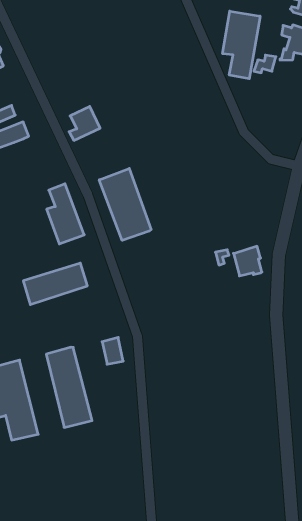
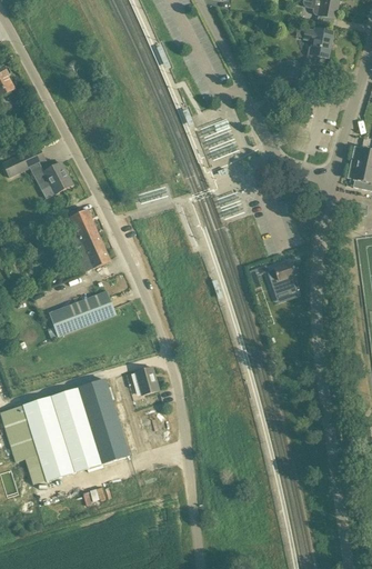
building: [223,11,260,79] -> none
building: [69,106,100,140] -> [40,161,72,198]
building: [99,168,151,240] -> none
building: none -> [49,388,100,472]

